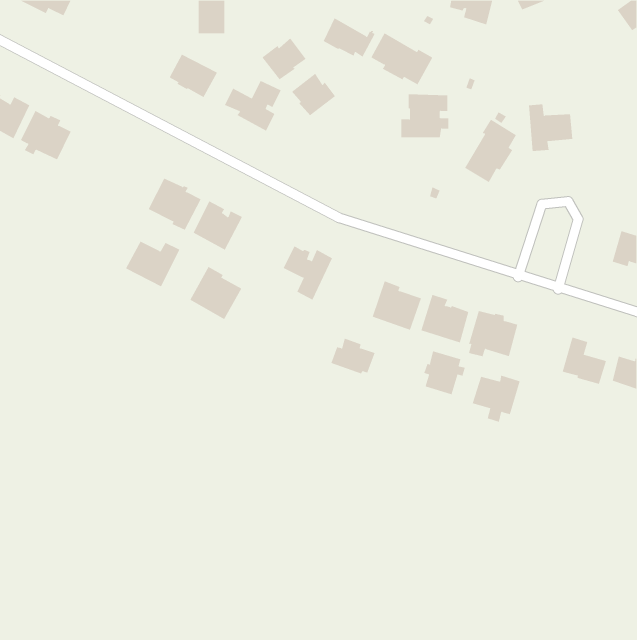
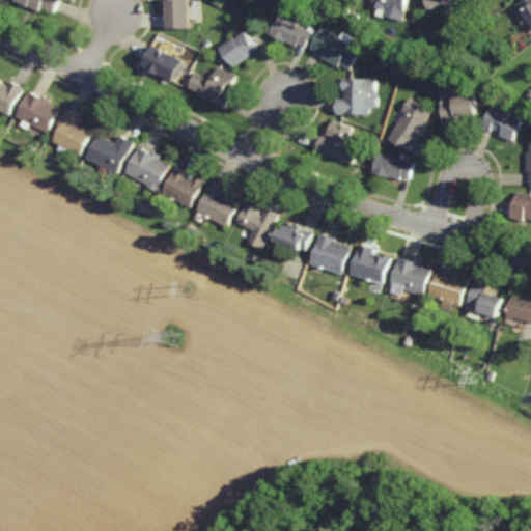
building: [291,73,336,116] -> none
building: none -> [481,105,520,141]
building: none -> [52,107,91,156]
building: none -> [313,120,354,164]
building: none -> [370,152,411,180]
building: [125,241,180,287] -> [85,135,131,173]
building: [190,266,242,320] -> [194,183,237,227]
building: [330,338,375,374] -> [272,221,309,251]
building: [424,350,465,395] -> none
building: [472,375,521,422] -> [426,273,467,312]

